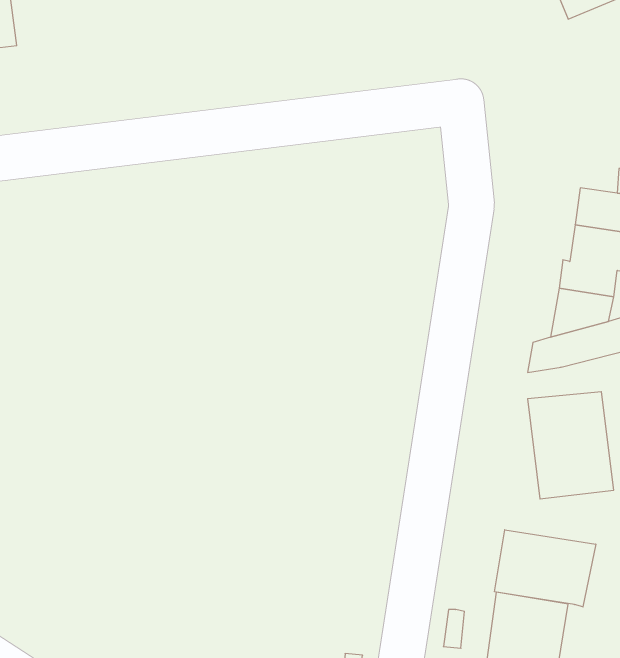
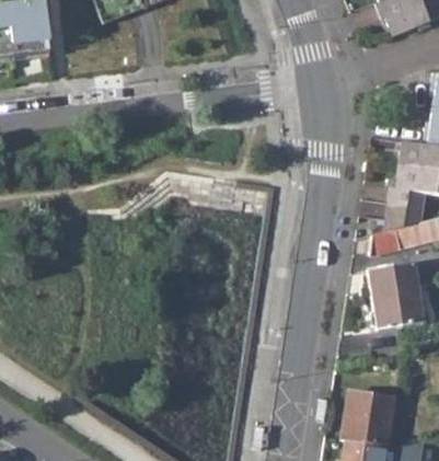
building: [495,530,596,607] -> none

